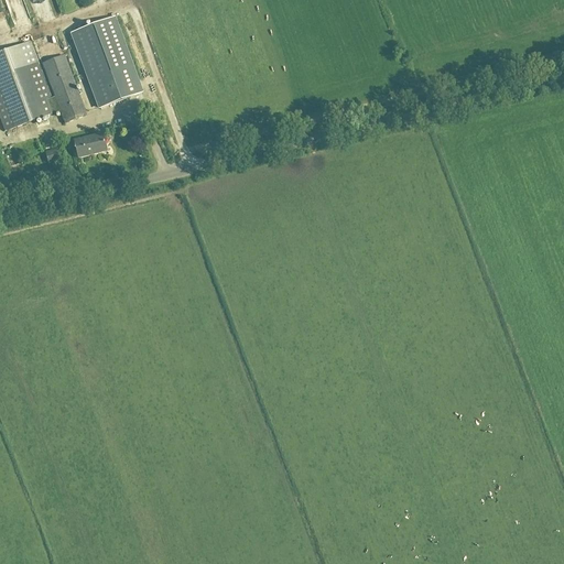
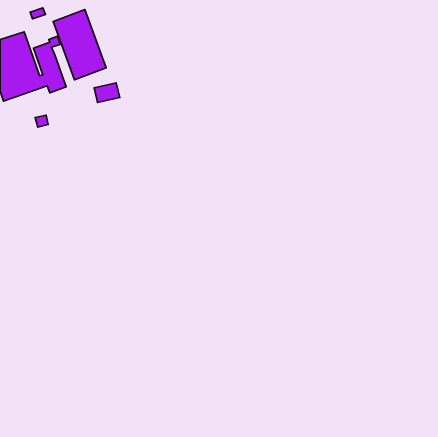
building: [74,132,107,158] -> [94,83,120,103]

